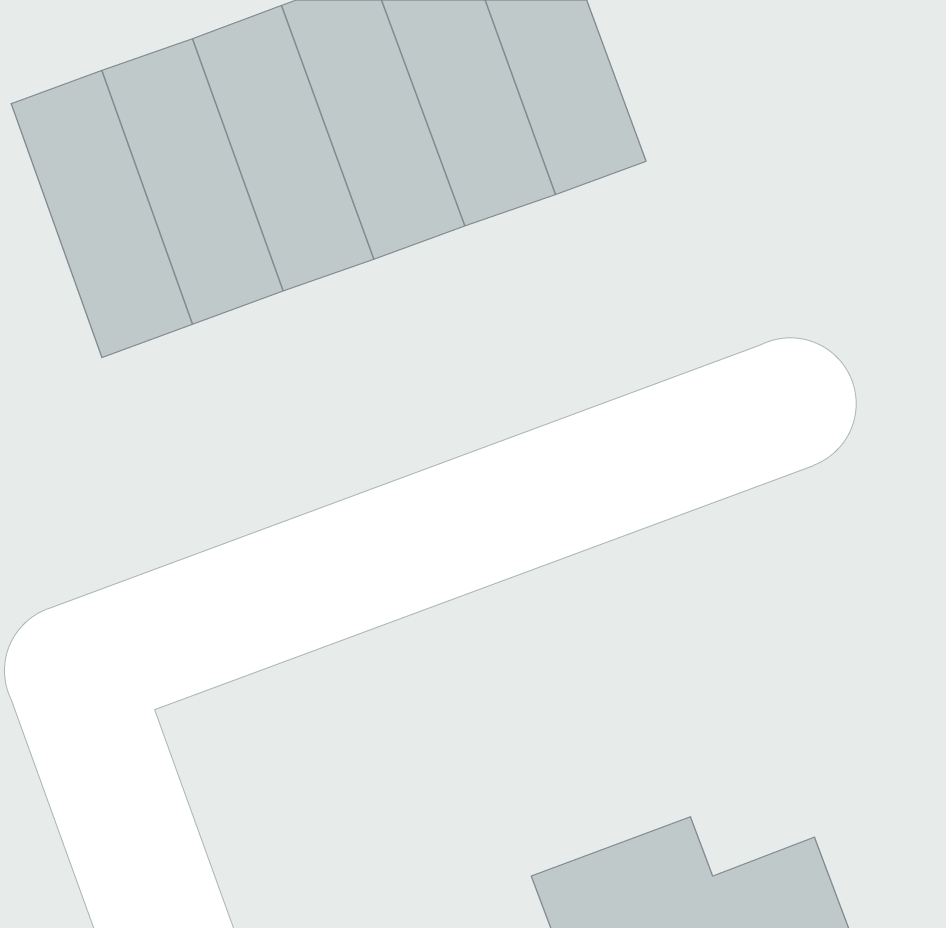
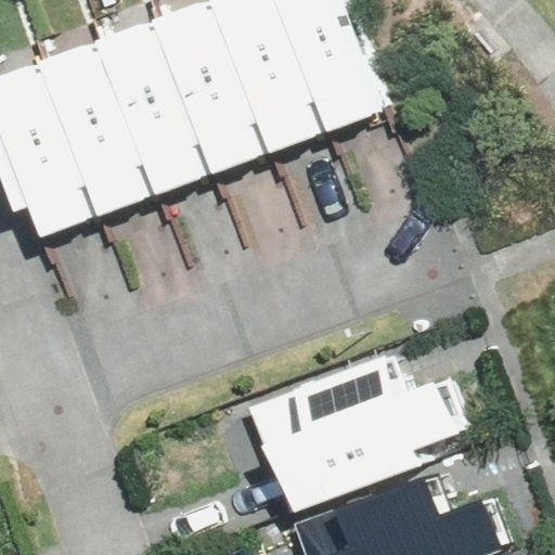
building: none -> [255,376,455,519]

